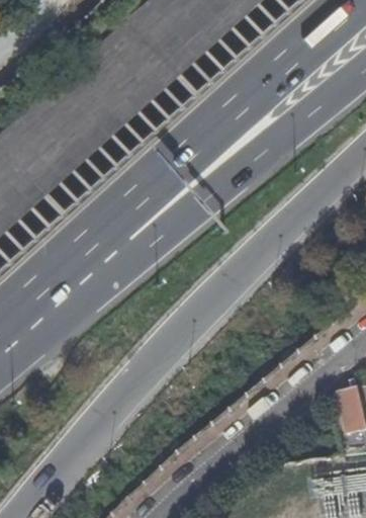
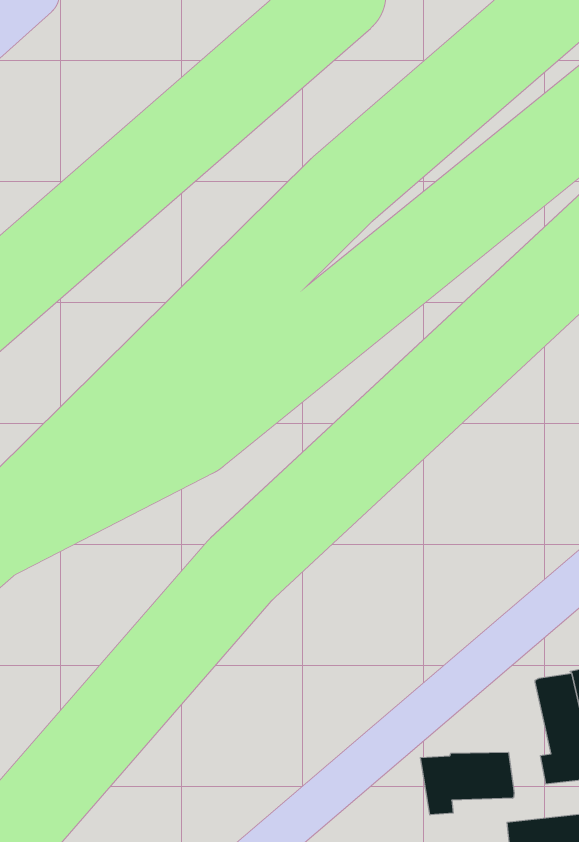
building: none -> [420,752,514,815]

